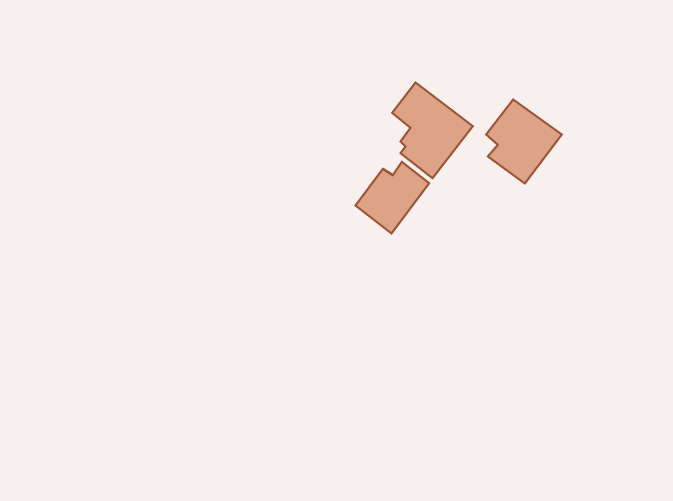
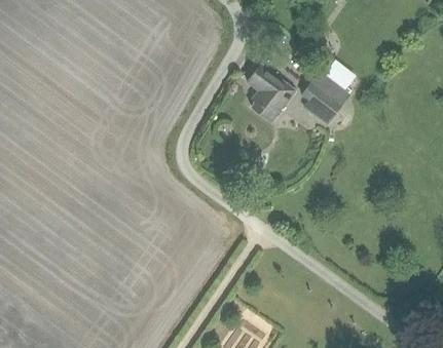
building: [355,162,429,234] -> none

